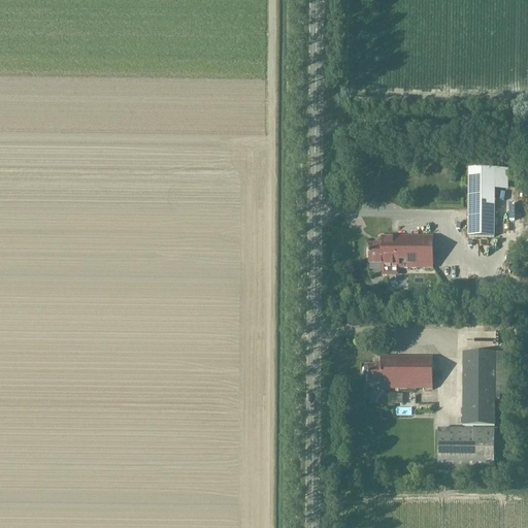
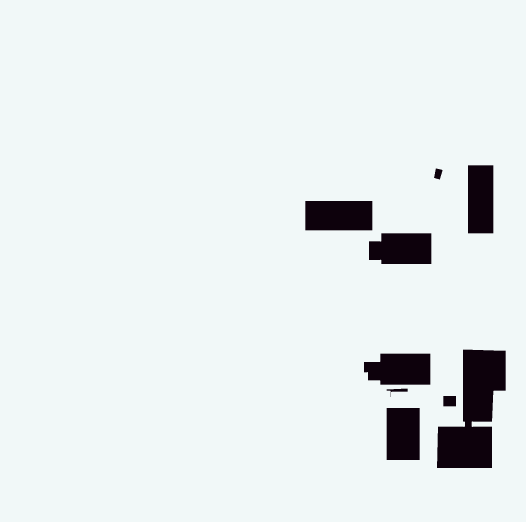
building: none -> [305,200,373,231]
building: none -> [386,407,420,461]

